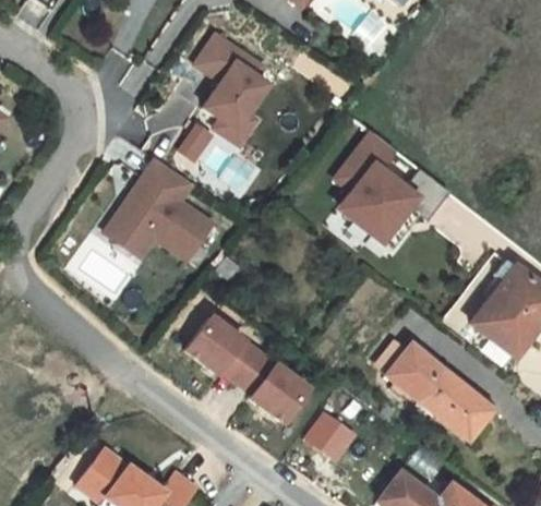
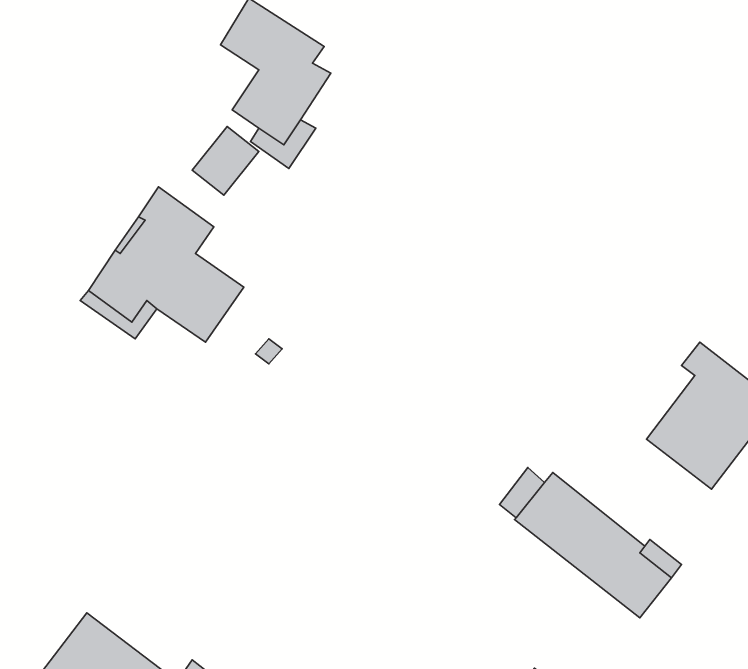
building: [335,131,428,249] -> none
building: [185,316,309,422] -> none
building: [306,411,359,462] -> none

